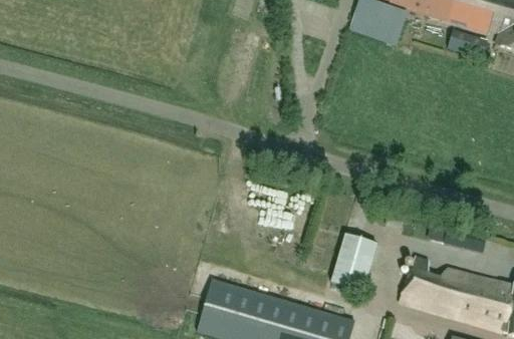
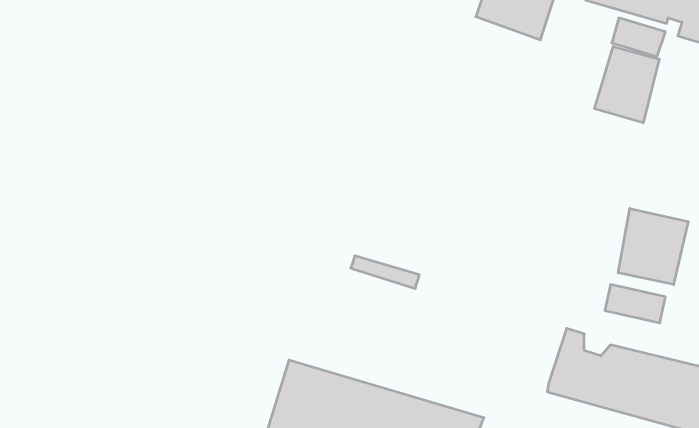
building: none -> [595,46,659,123]
building: none -> [618,208,688,285]
building: [330,235,377,293] -> none

